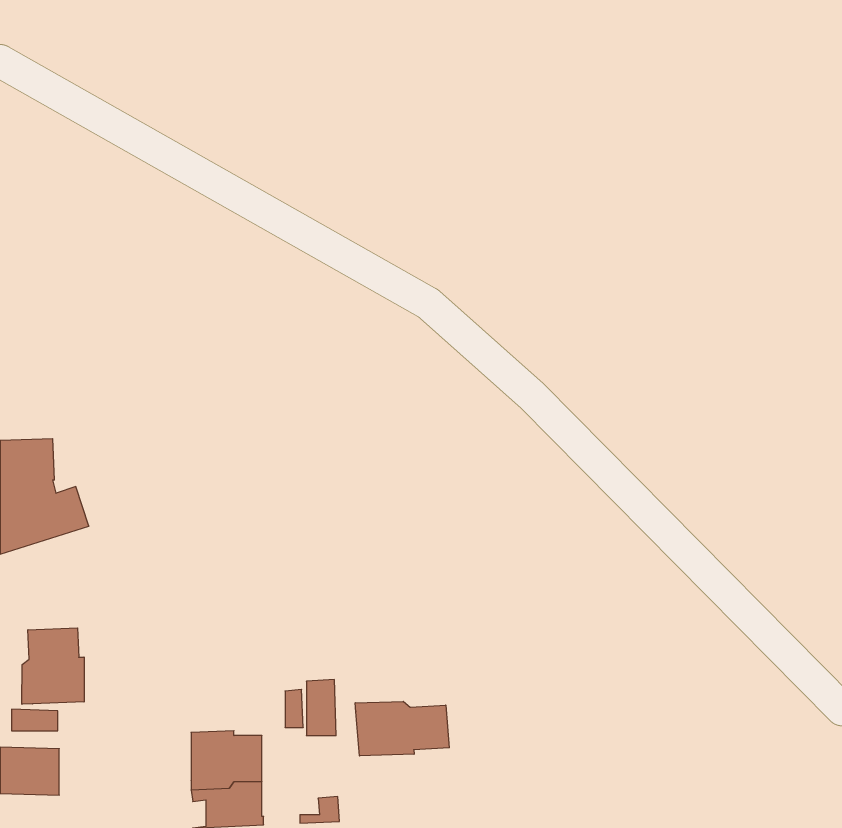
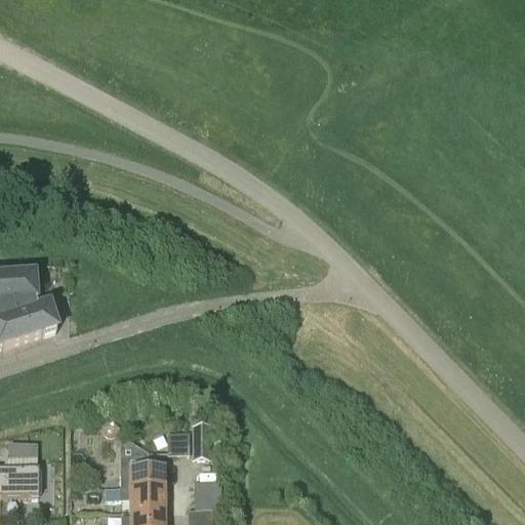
building: [22,628,84,704] -> none
building: [355,701,449,756] -> none

